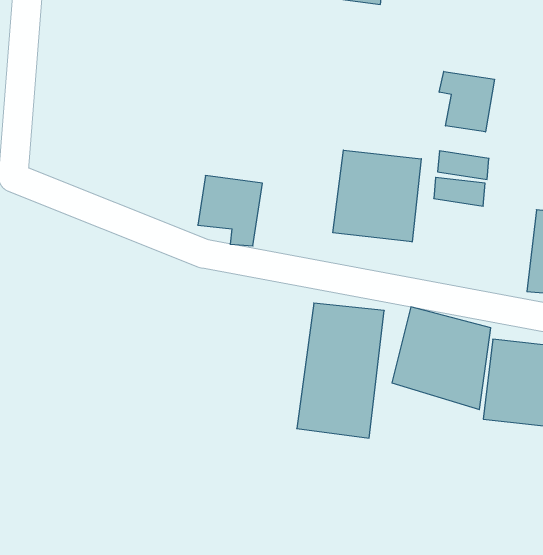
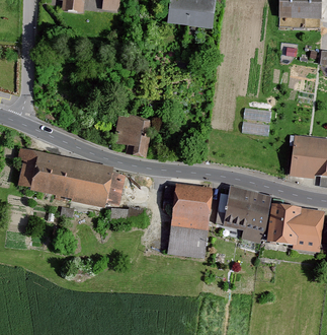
building: [439,71,494,132] -> none
building: [333,150,421,242] -> none
building: none -> [18,149,121,207]

